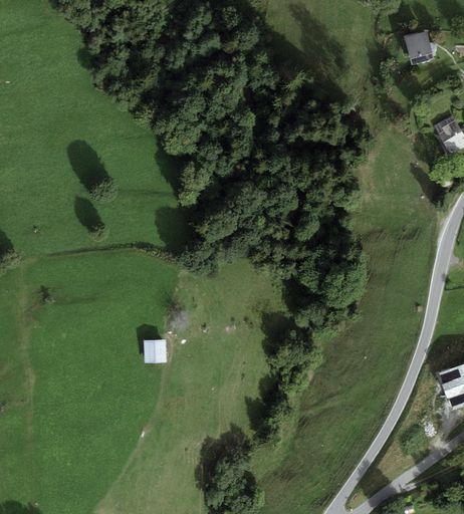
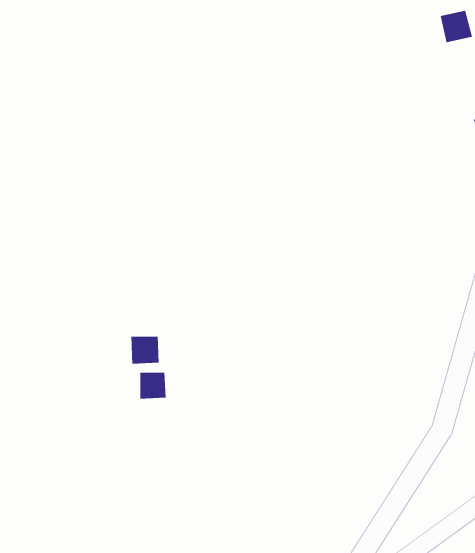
building: none -> [131,336,159,364]

